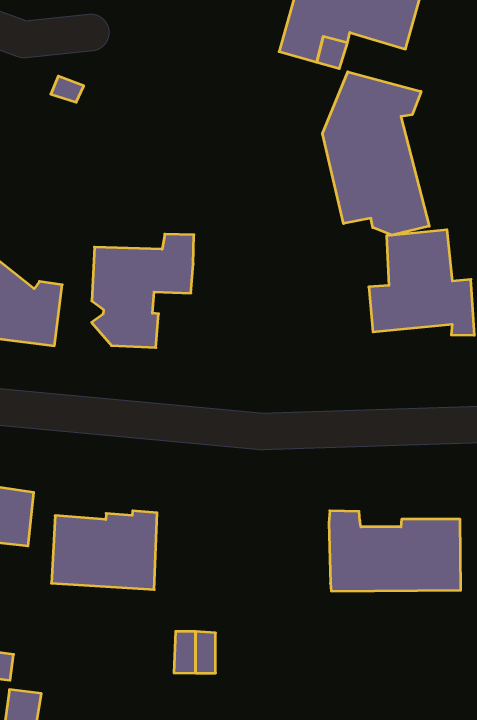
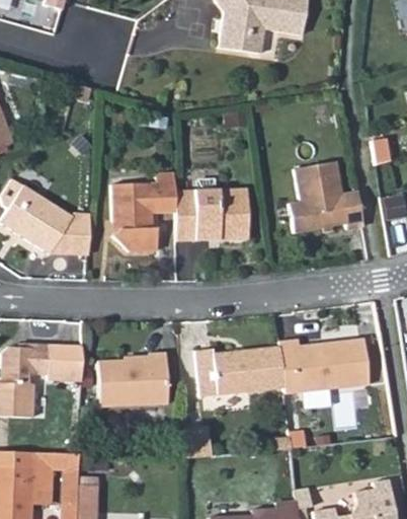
building: [322,72,429,235] -> none
building: none -> [176,178,249,238]
building: none -> [195,351,282,398]

